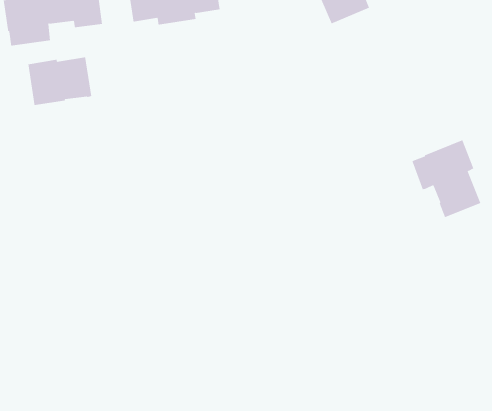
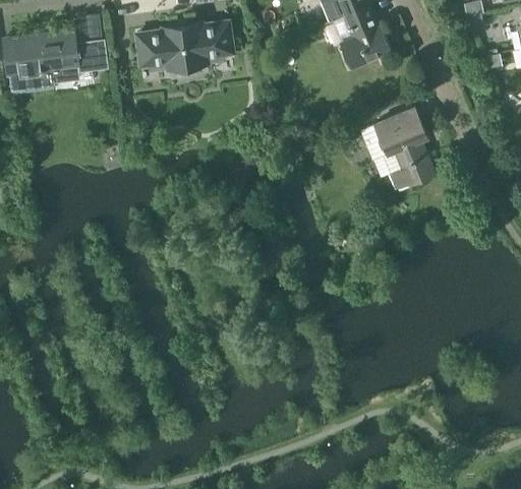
building: [28,57,92,106] -> none
building: [412,140,481,218] -> [360,108,433,190]

